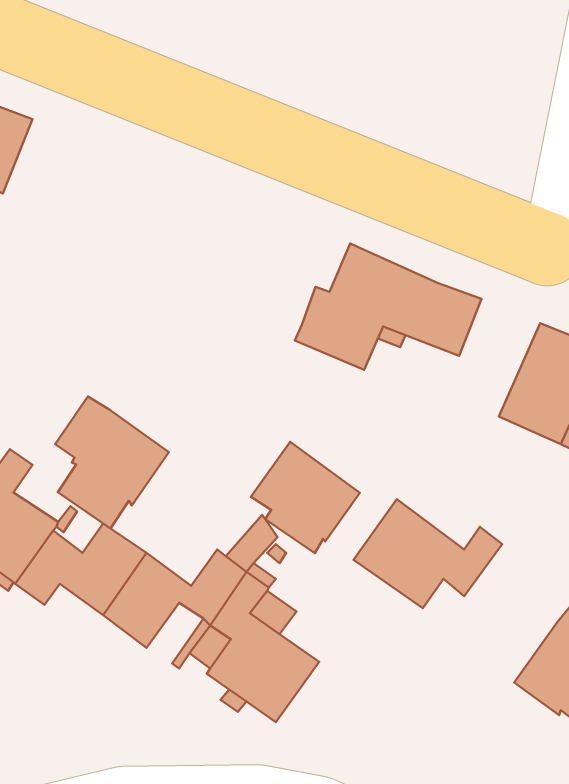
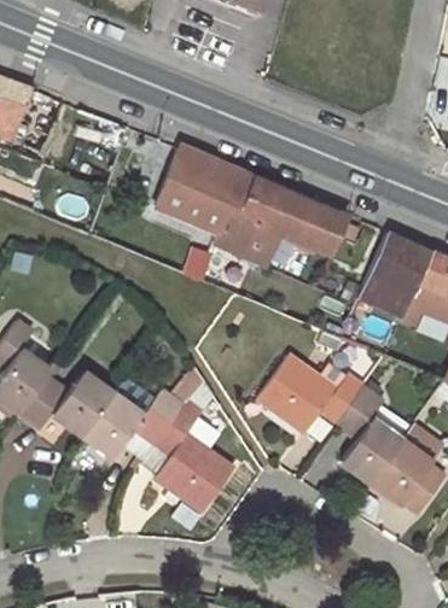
building: none -> [156,146,255,233]
building: [55,397,169,528] -> none
building: [251,442,360,553] -> none
building: none -> [334,386,400,483]

